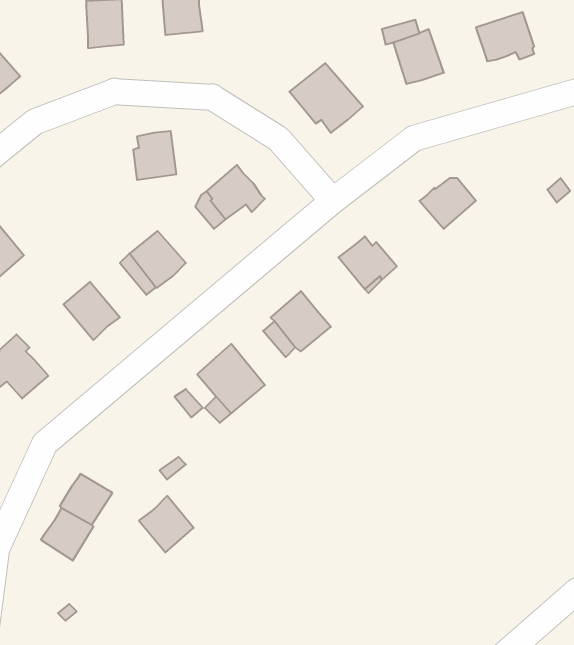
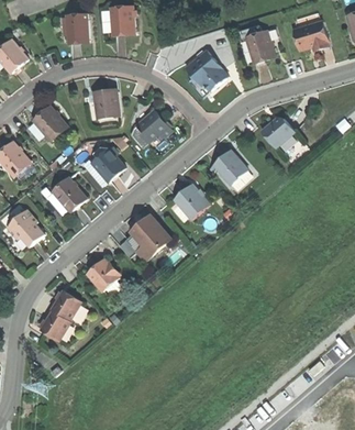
building: none -> [31,106,66,141]
building: [139,496,194,552] -> [86,258,118,291]

